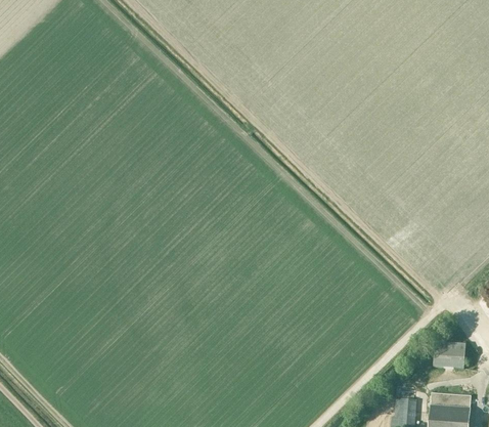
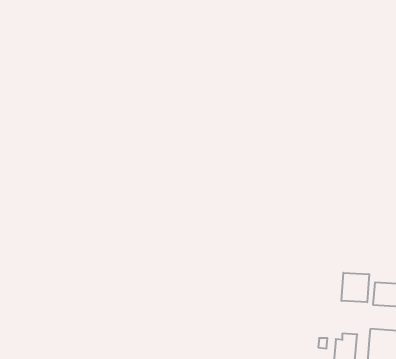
building: none -> [342,273,369,302]

